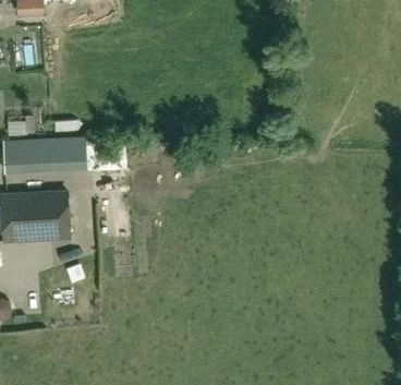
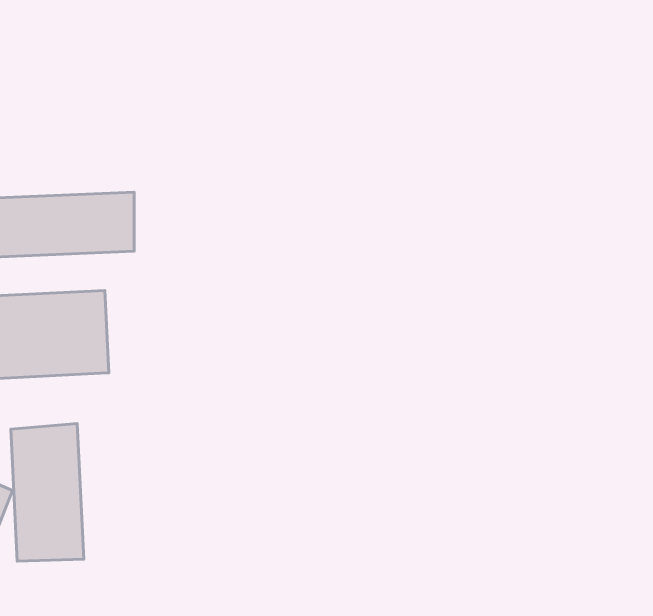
building: none -> [11,424,84,561]

